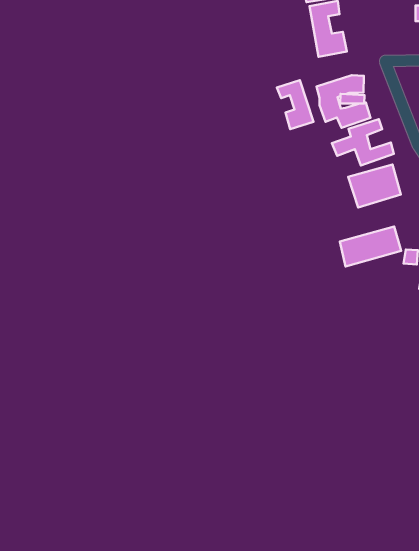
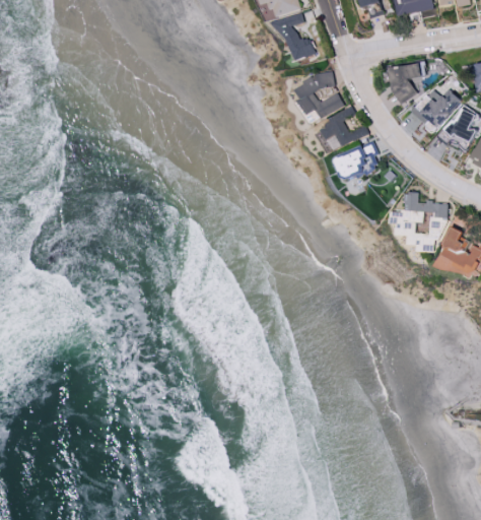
building: [277,80,313,129] -> none
building: [340,226,401,267] -> none

